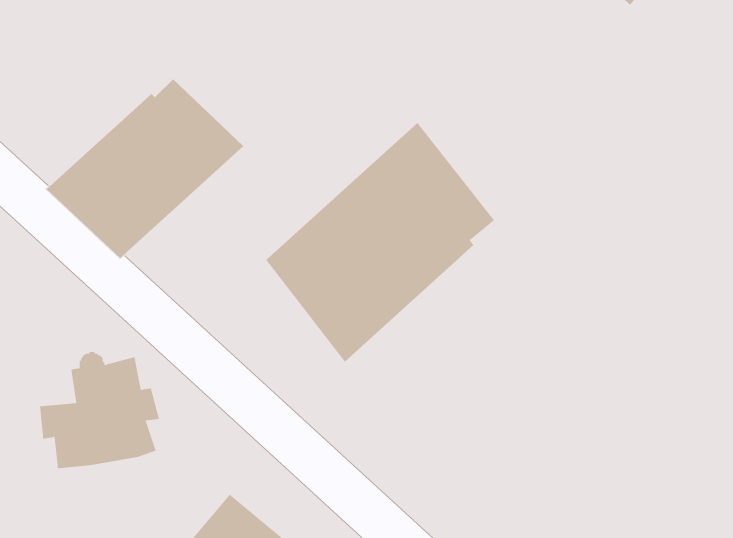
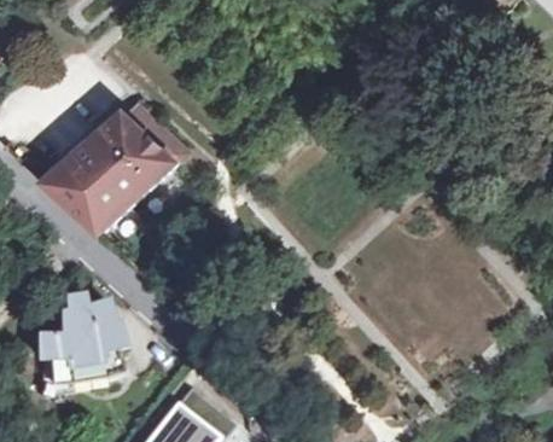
building: [266,122,495,363] -> none

